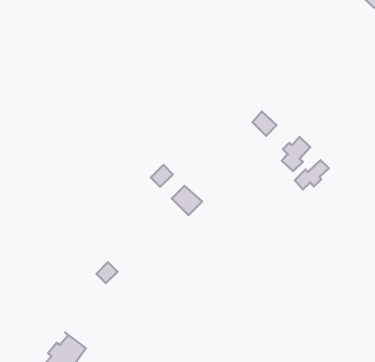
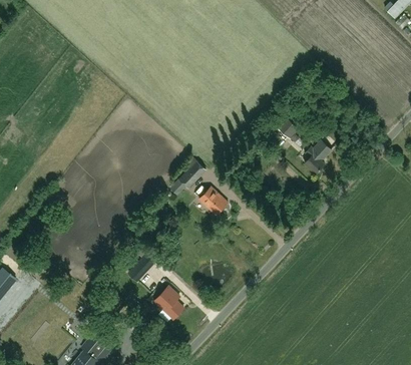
building: [295,160,329,189] -> none
building: none -> [154,287,184,319]

